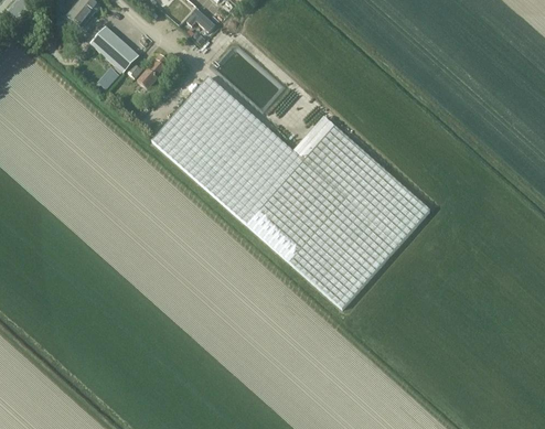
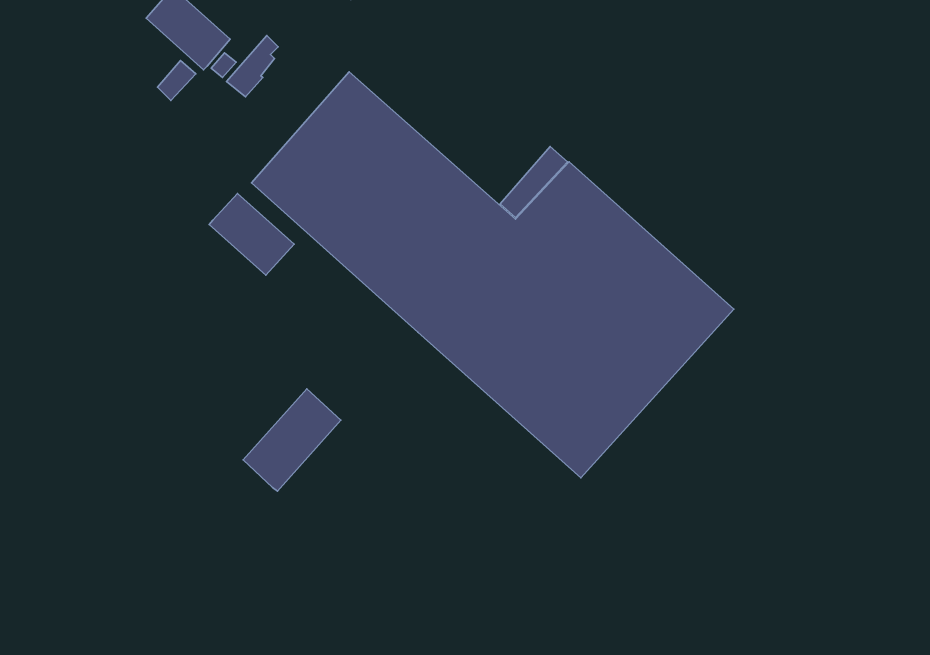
building: none -> [209,194,294,275]
building: none -> [243,389,341,491]

